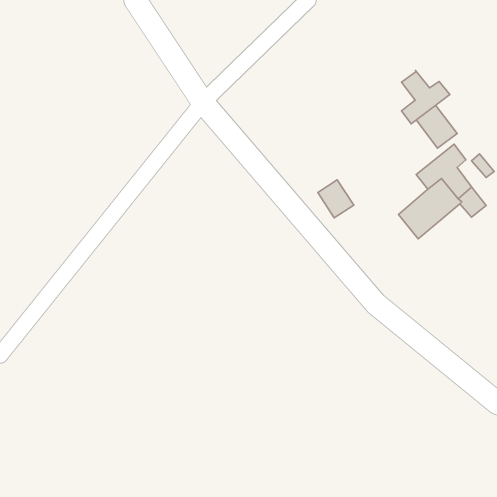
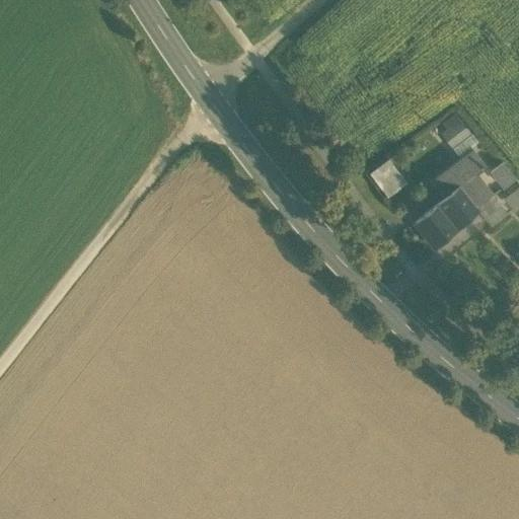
building: [401,71,450,124] -> none
building: [318,180,354,218] -> [367,157,404,197]

